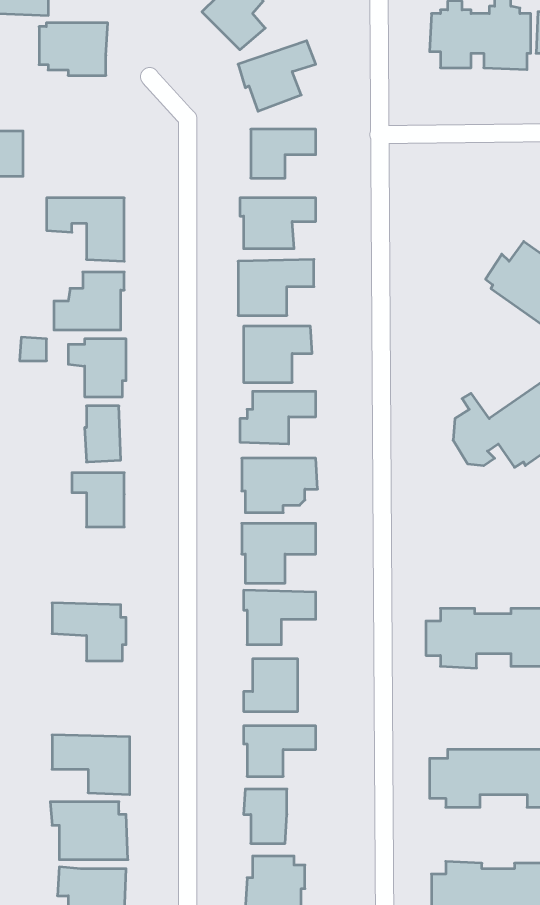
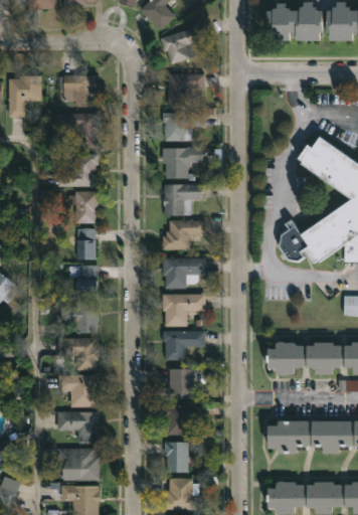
building: [39,23,108,75] -> [59,75,98,105]
building: none -> [60,302,98,332]
building: none -> [59,374,98,406]

